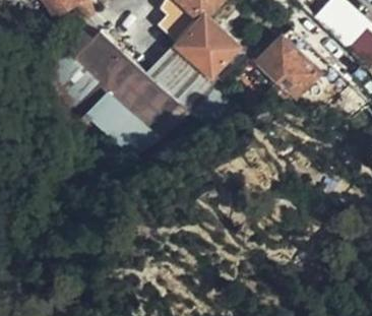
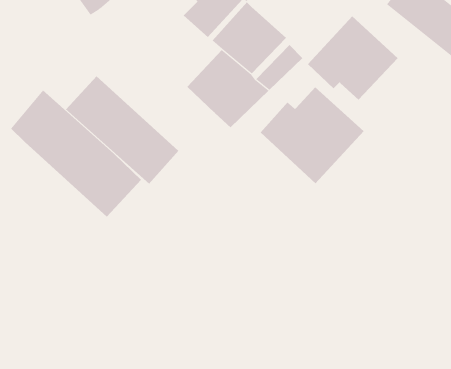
building: [70,33,177,136] -> [10,90,142,217]
building: none -> [260,86,365,184]

